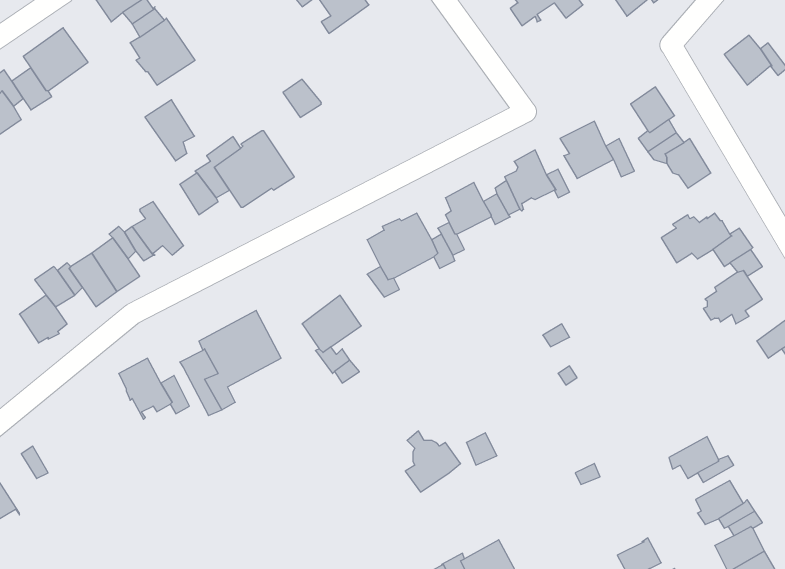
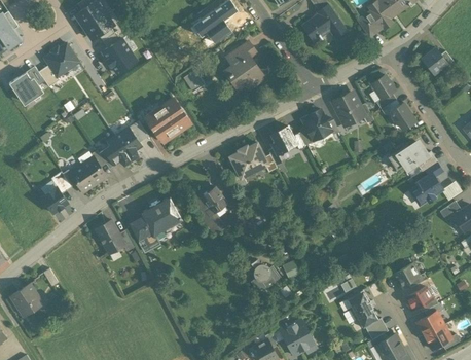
building: none -> [225,41,261,89]
building: [145,100,195,161] -> [114,128,141,160]
building: none -> [347,291,378,328]

